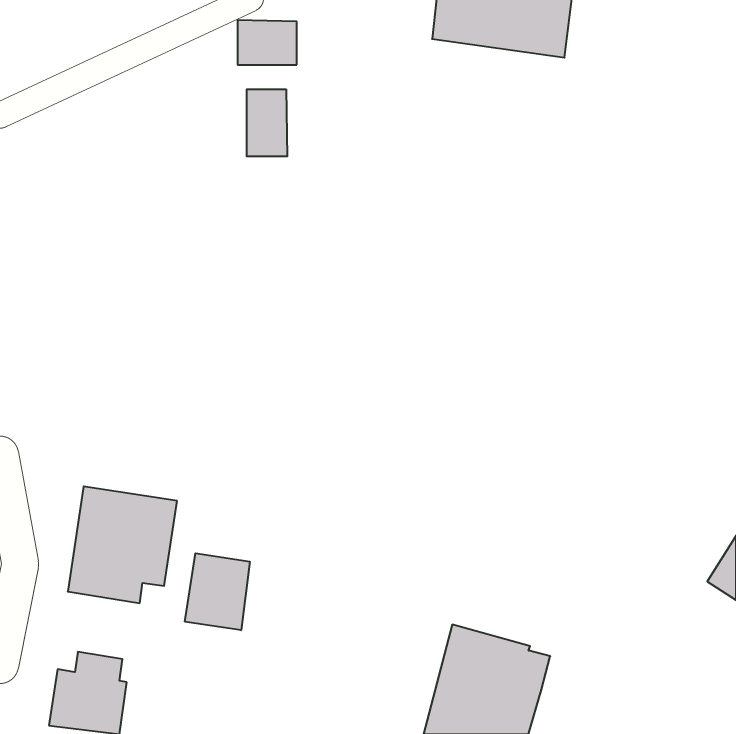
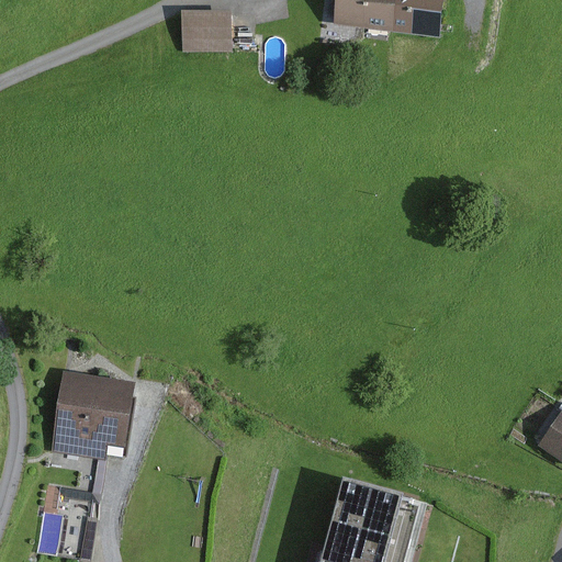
building: [247,89,287,156] -> none
building: [185,553,250,630] -> none

